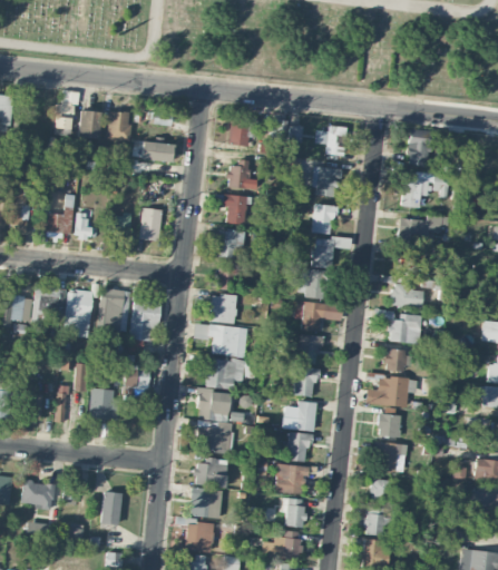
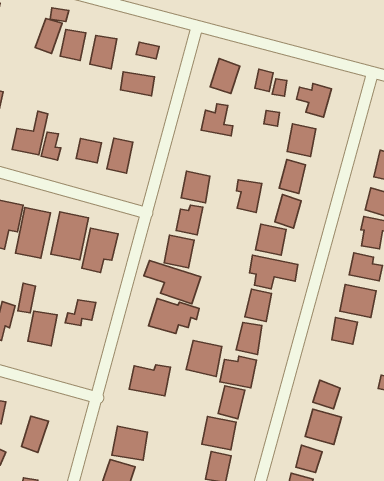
building: [223,195,246,224] -> [237,180,262,212]
building: [364,376,417,406] -> none
building: [197,390,228,421] -> [186,341,222,376]
building: [195,458,227,487] -> none

